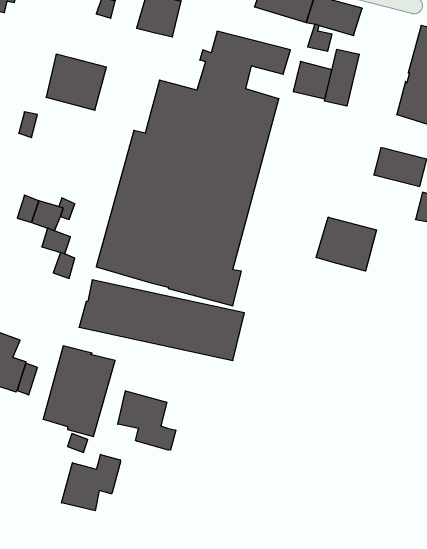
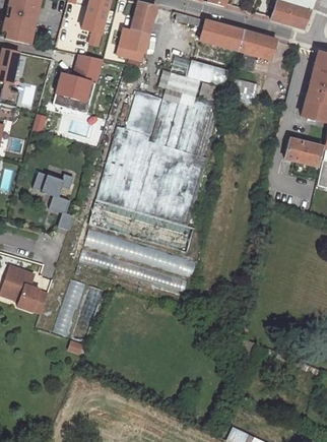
building: none -> [73,53,102,81]
building: [325,49,359,106] -> none
building: [316,217,377,271] -> none
building: [118,391,176,450] -> none
building: [62,454,121,511] -> none

